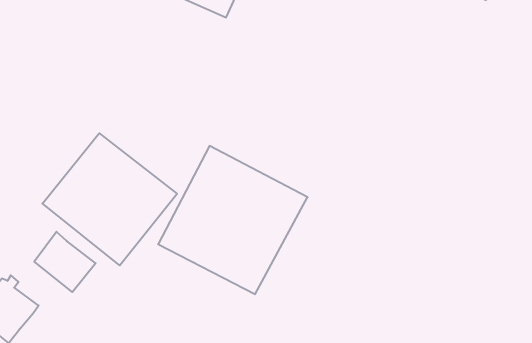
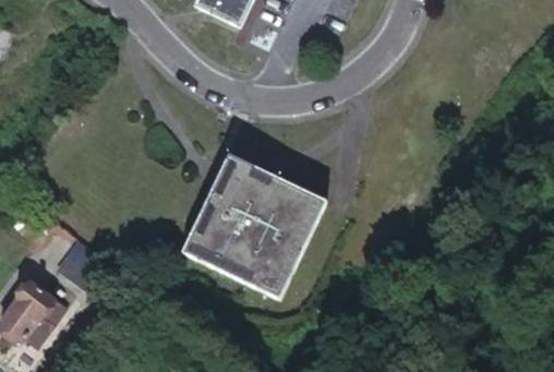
building: [42,133,177,265] -> none

